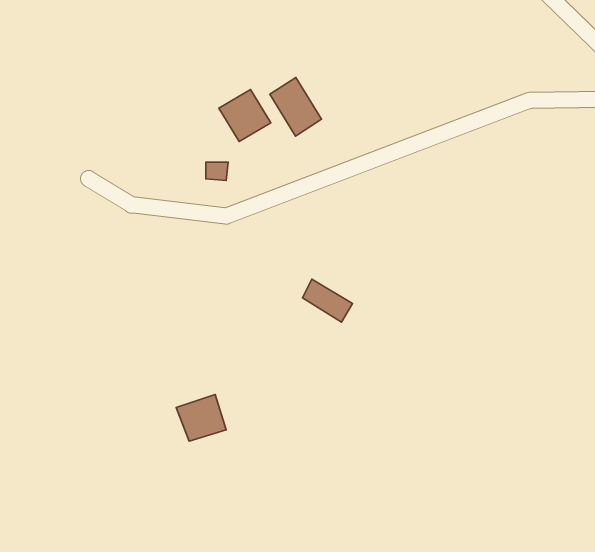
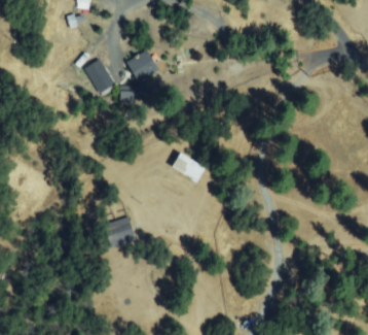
building: [270,77,322,136] -> none
building: none -> [86,61,113,92]

